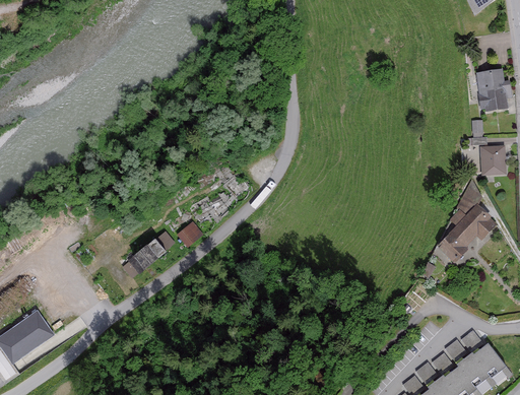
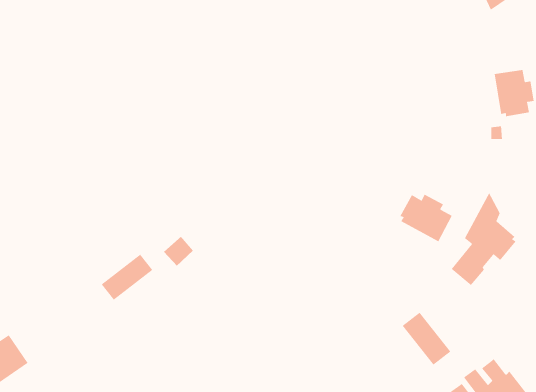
building: [479,146,505,176] -> none
building: none -> [400,194,452,242]
building: none -> [402,312,451,366]

